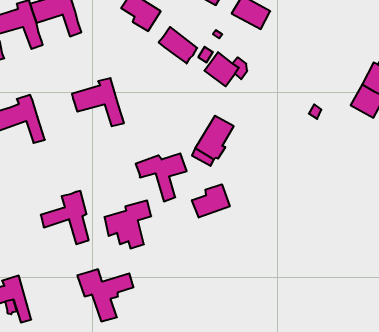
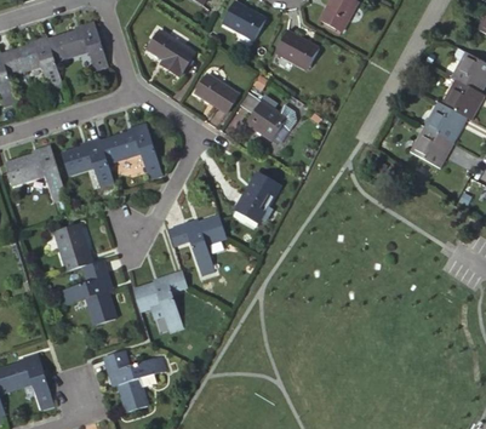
building: none -> [53,138,108,195]
building: none -> [56,221,93,268]
building: [192,184,230,218] -> none

